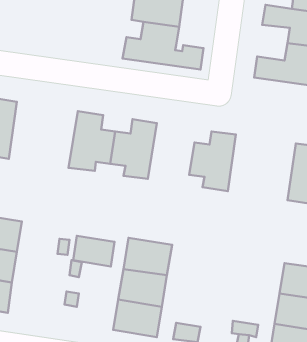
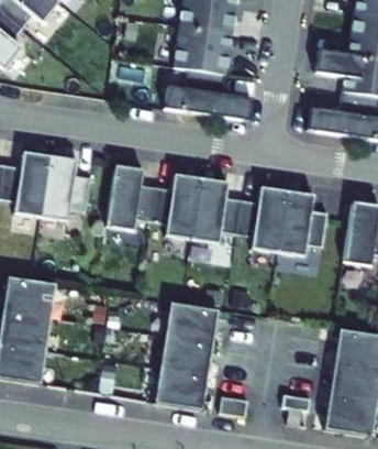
building: none -> [41,155,91,220]
building: none -> [191,178,242,243]
building: none -> [278,190,327,256]
building: [73,236,115,266] -> none

